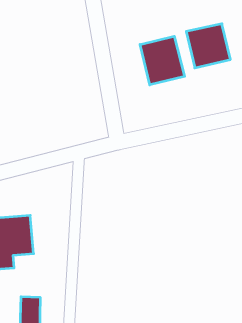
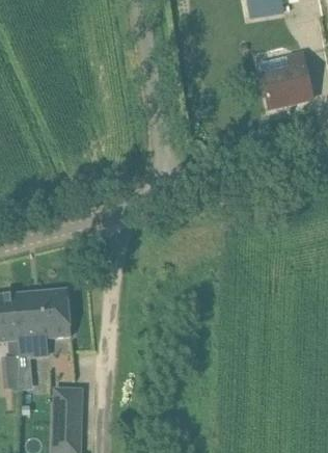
building: [140,36,185,85] -> none

